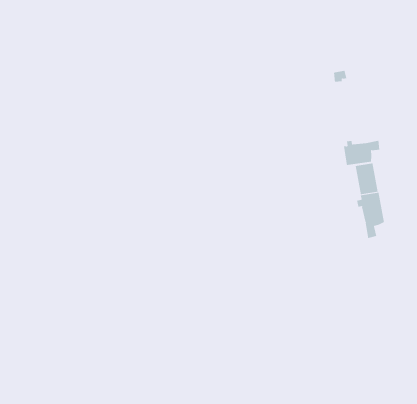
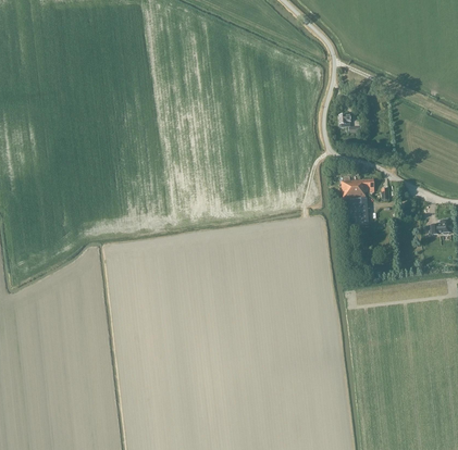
building: [357,192,384,239] -> none

